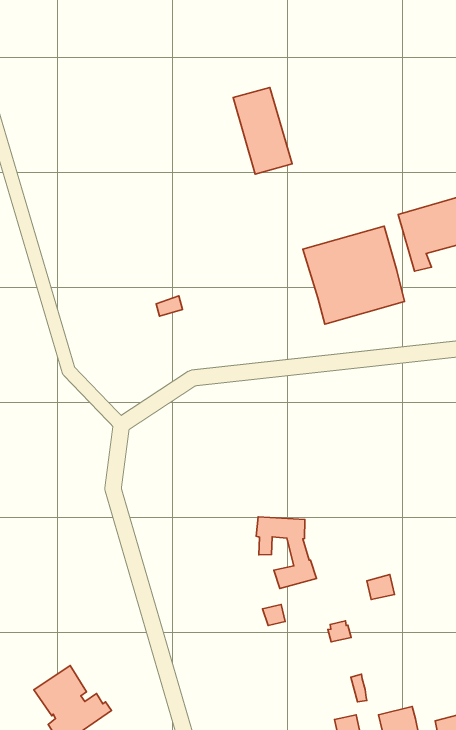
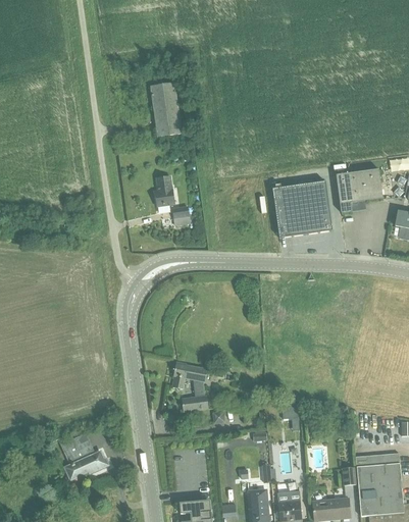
building: [233,88,292,174] -> [151,83,183,137]
building: none -> [156,176,175,212]
building: [256,517,316,588] -> [174,363,209,411]

